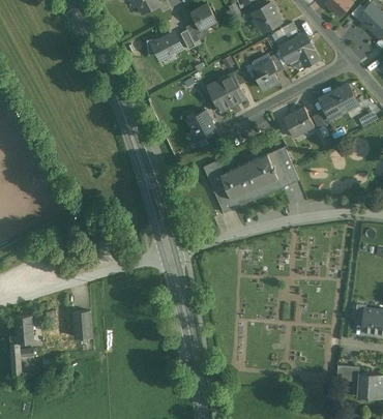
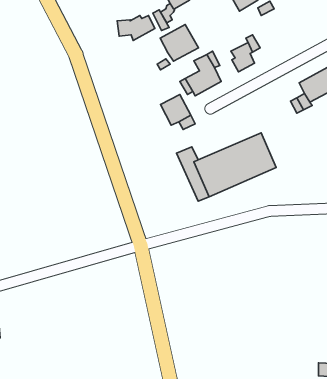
building: [278,33,318,69] -> none
building: none -> [160,24,198,61]
building: [282,108,313,138] -> none
building: [72,310,91,337] -> none

